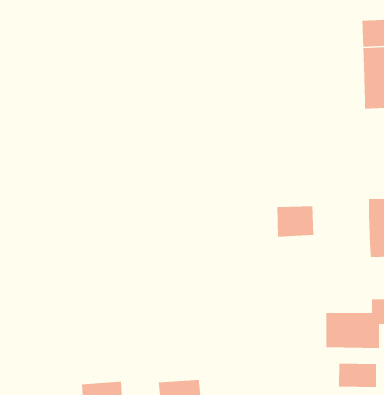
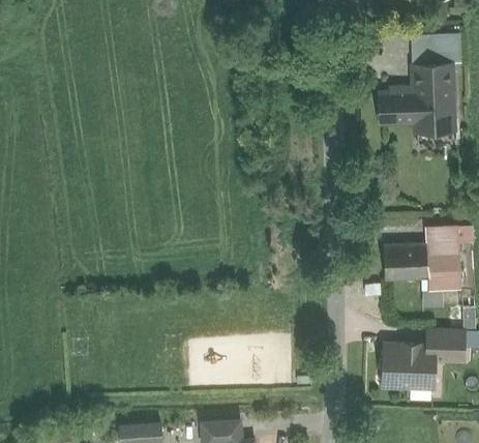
building: none -> [377,86,418,123]
building: [276,205,314,237] -> [383,243,423,277]
building: [338,363,377,388] -> none

